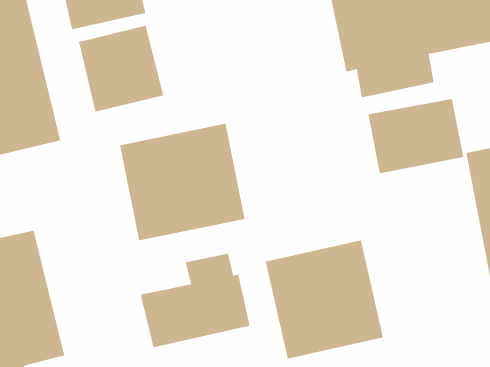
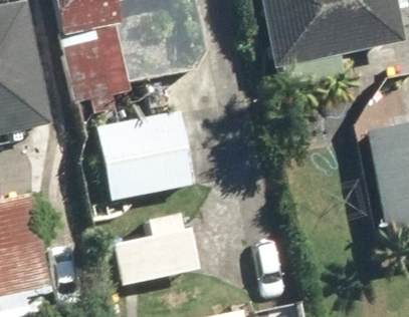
building: [265,239,384,359] -> none

